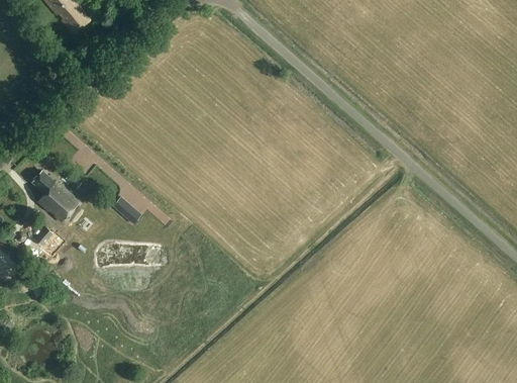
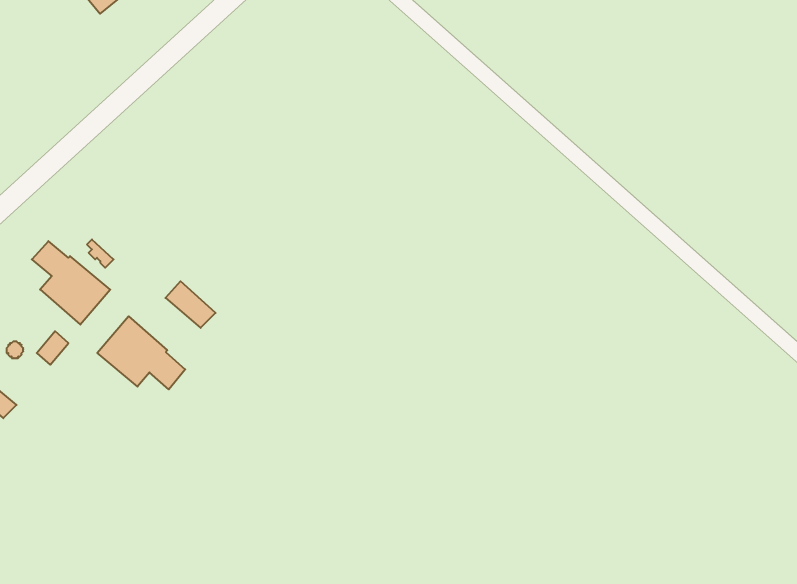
building: none -> [97,316,185,389]

